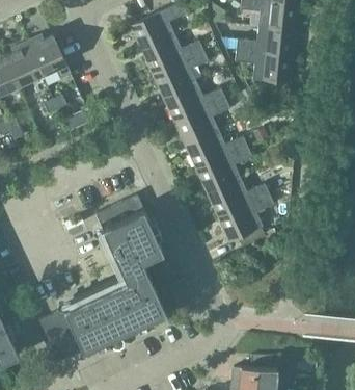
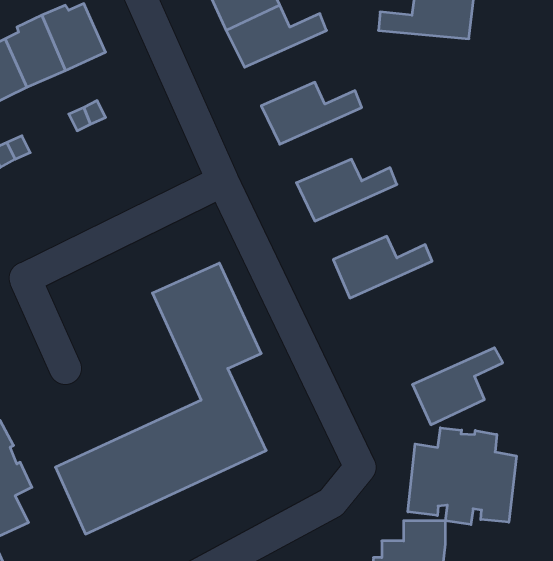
building: [153,51,209,98] -> none
building: [235,51,292,83] -> none
building: [174,99,230,146] -> none
building: [196,147,252,193] -> none
building: [218,194,274,242] -> [412,348,503,425]
building: none -> [408,428,516,525]

